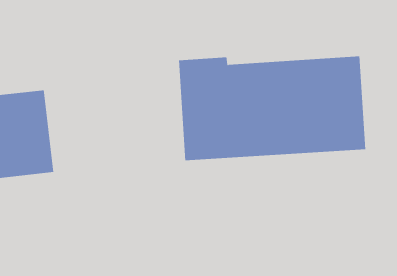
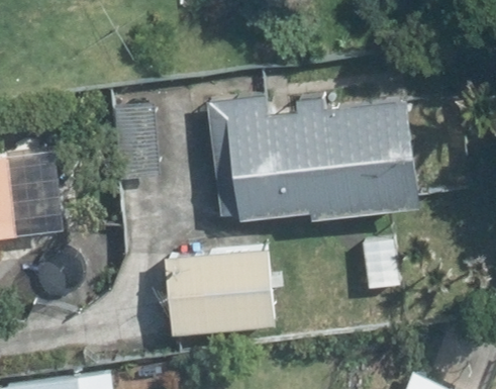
building: none -> [160,253,276,339]

